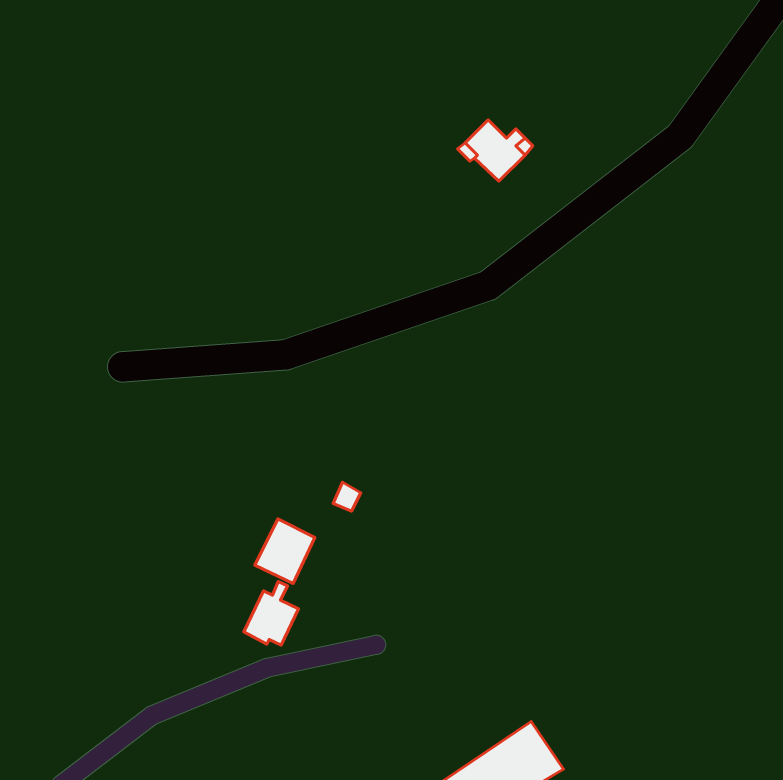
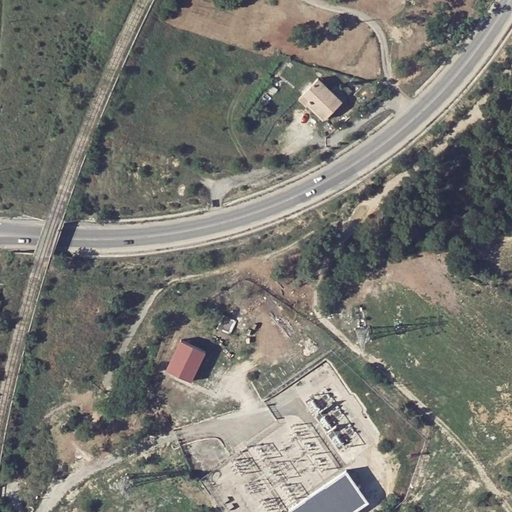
building: [244,581,299,645] -> none

